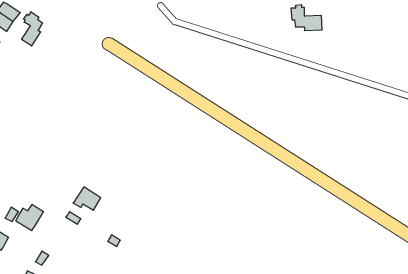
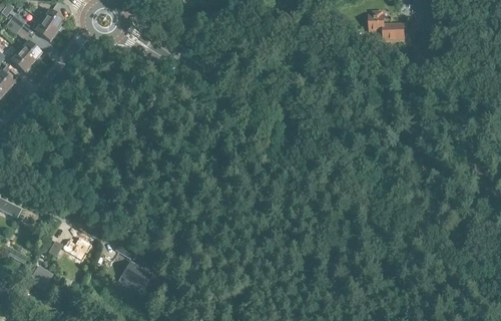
building: [22,12,42,46] -> none
building: [73,187,101,210] -> [118,262,149,288]

